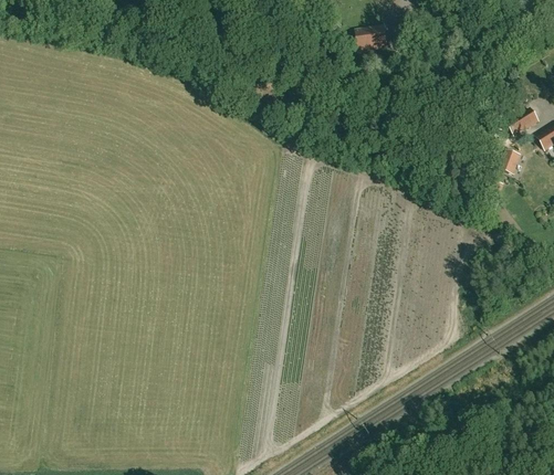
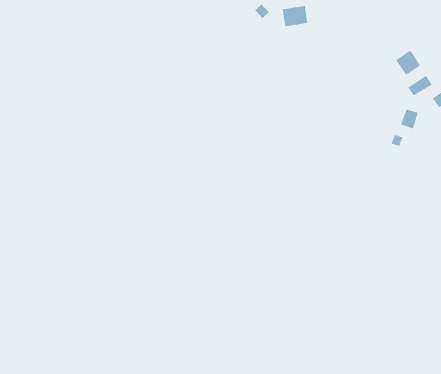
building: none -> [395,49,421,76]

